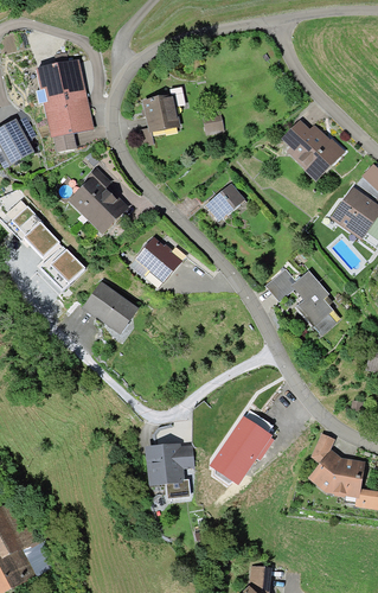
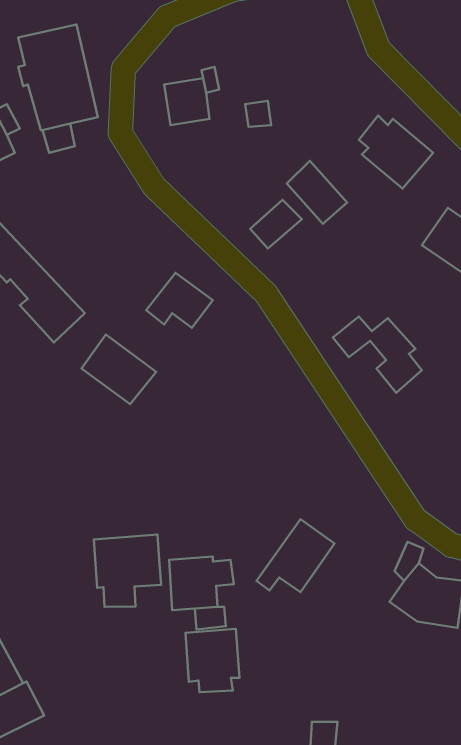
building: none -> [287,161,347,224]
building: [70,171,124,231] -> none
building: none -> [94,535,161,607]
building: none -> [185,629,239,692]

